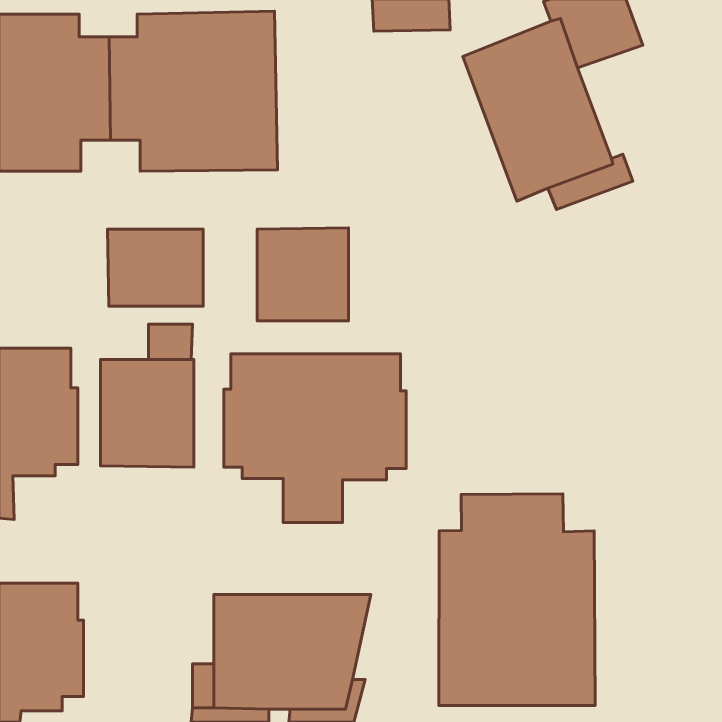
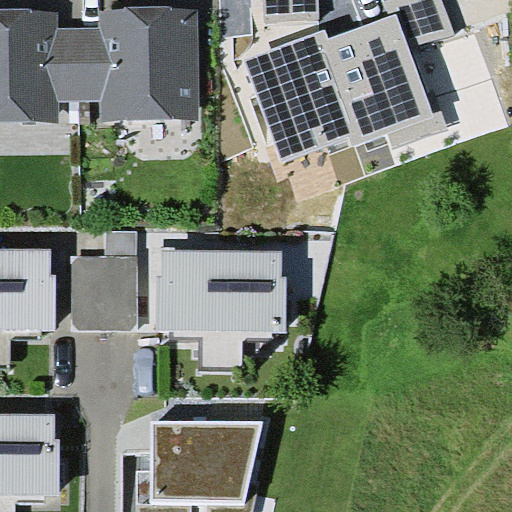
building: none -> [243,29,365,161]
building: [257,228,349,321] -> none
building: [108,229,203,306] -> none
building: [439,494,595,705] -> none

